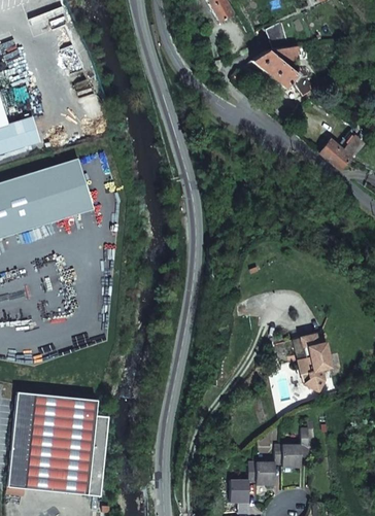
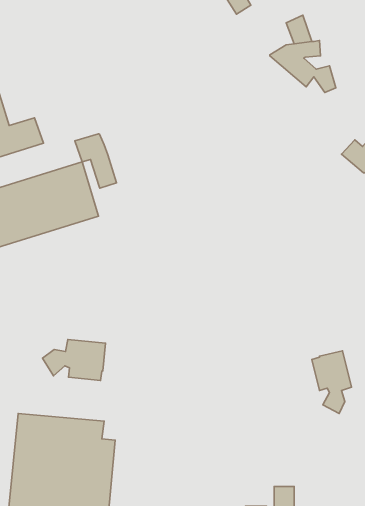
building: none -> [75,134,116,188]
building: none -> [42,339,106,381]
building: [282,445,302,467] -> none

